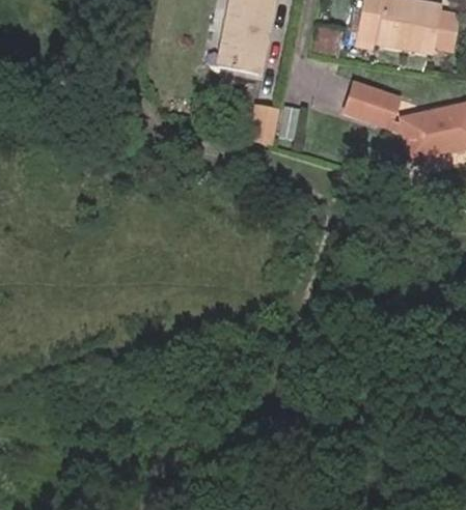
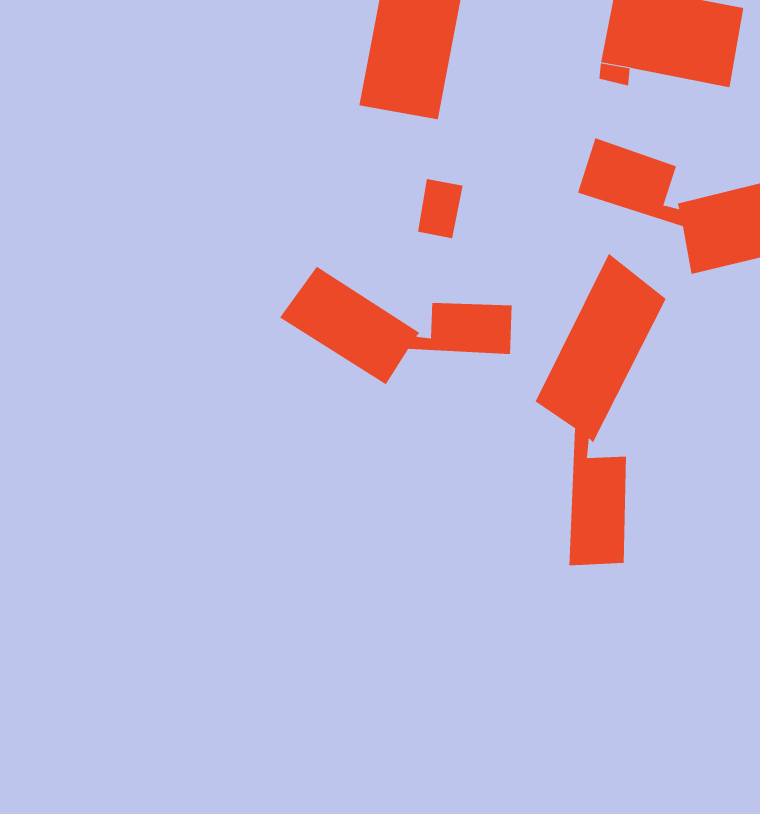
building: none -> [535,253,666,566]
building: none -> [279,266,512,385]

